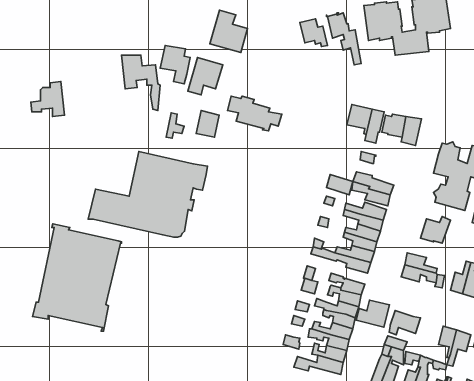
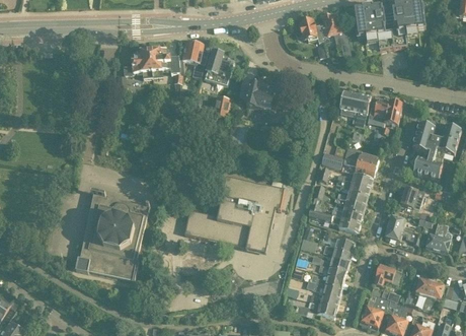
building: [210,10,247,53] -> none
building: [31,82,65,117] -> [125,50,153,79]
building: [88,152,207,237] -> [184,178,285,250]
building: [356,300,389,327] -> none

